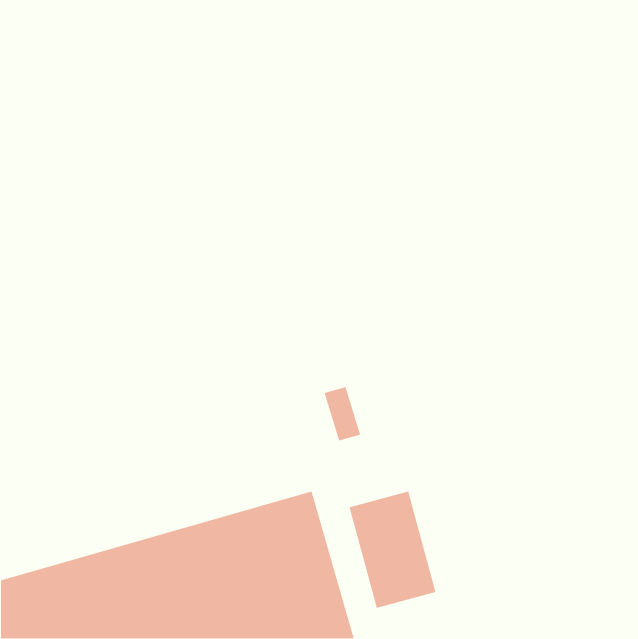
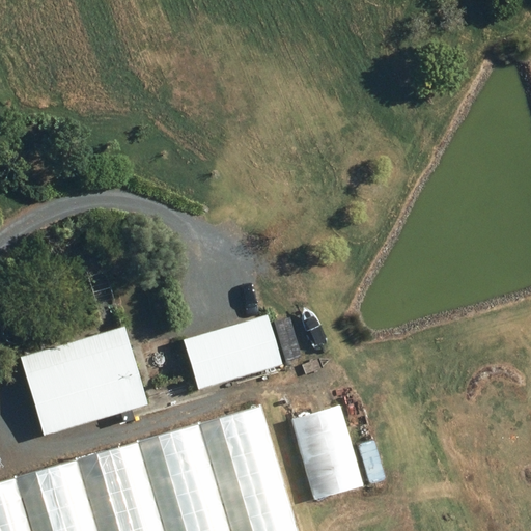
building: none -> [183,317,280,395]
building: none -> [19,329,147,440]

